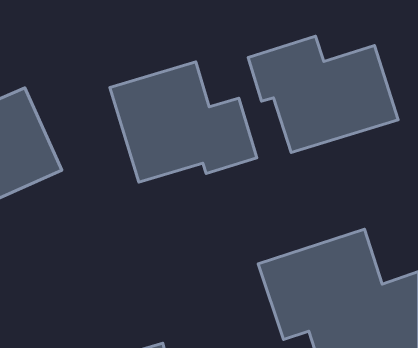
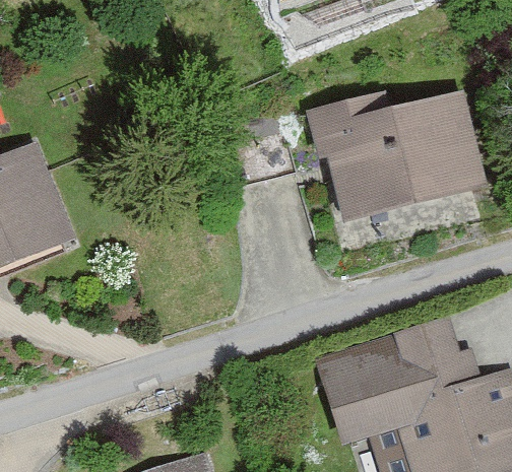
building: [110,62,257,182] -> none

